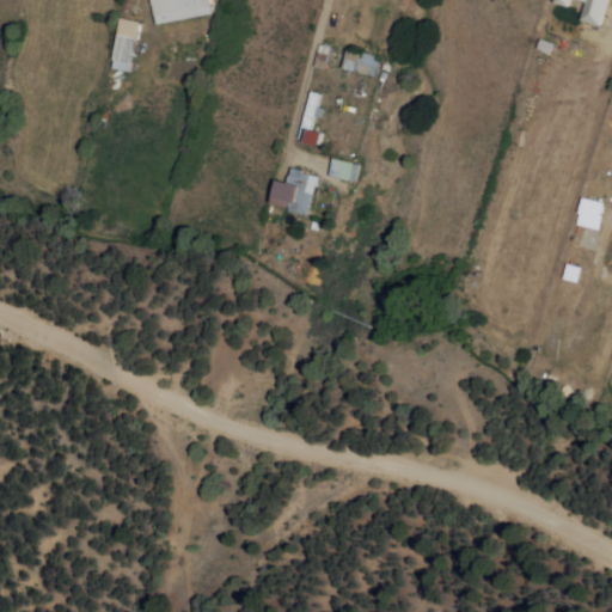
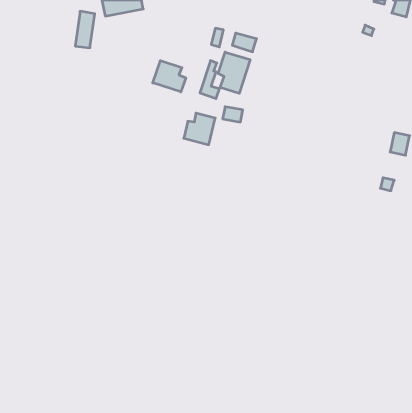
building: none -> [218,52,250,93]
building: none -> [153,61,186,92]

